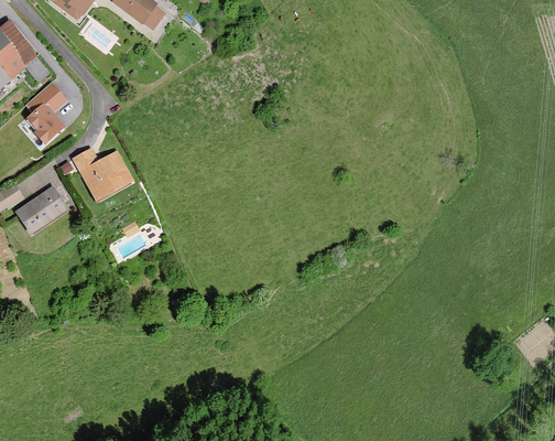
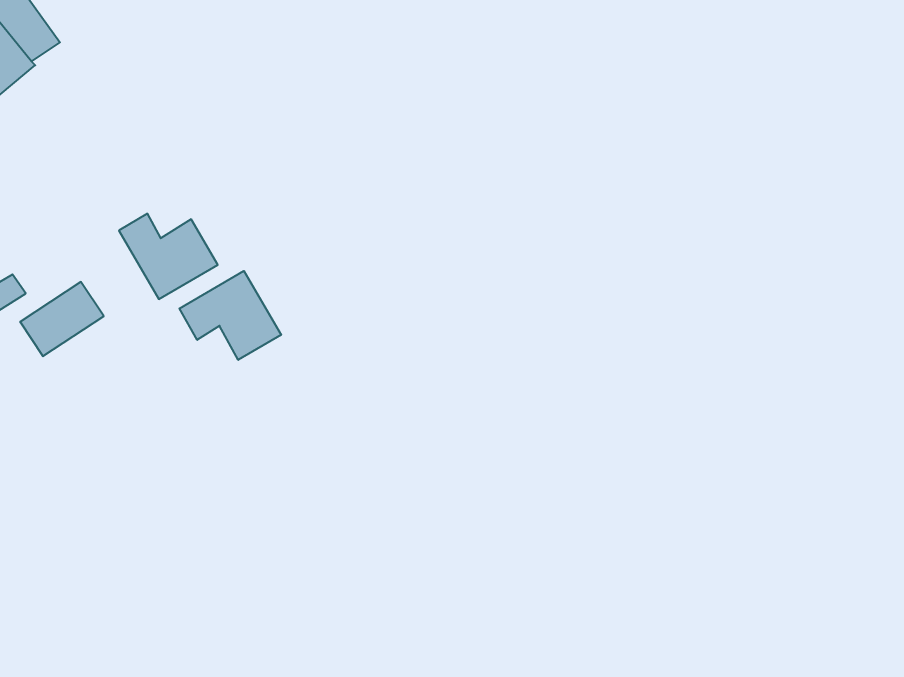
building: [25,80,66,142] -> none
building: none -> [179,271,281,360]

